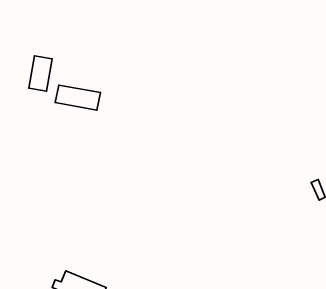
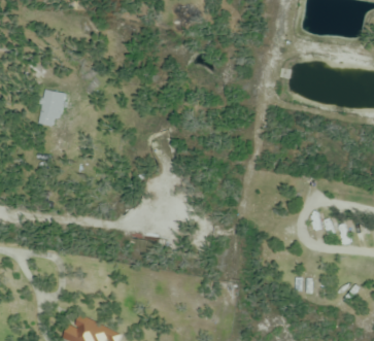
building: [55,85,100,110] -> none

